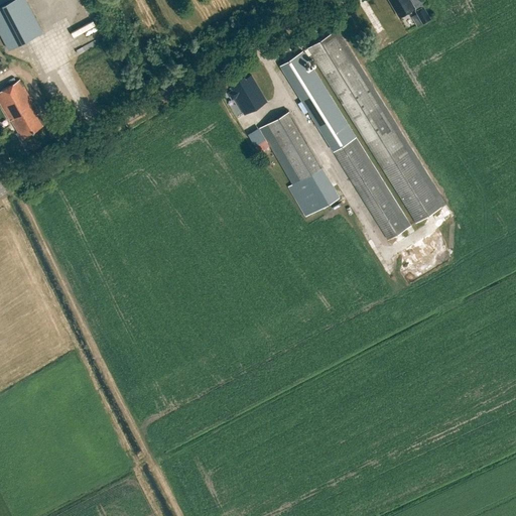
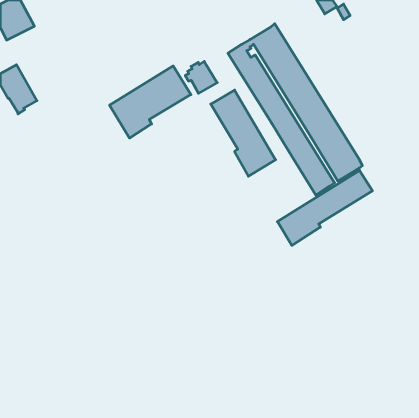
building: none -> [110,66,191,138]
building: none -> [277,170,372,245]

